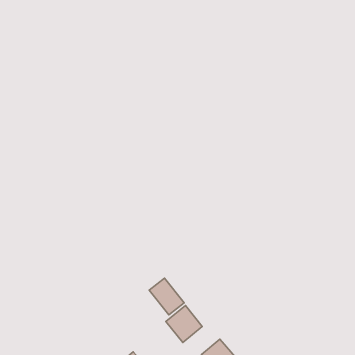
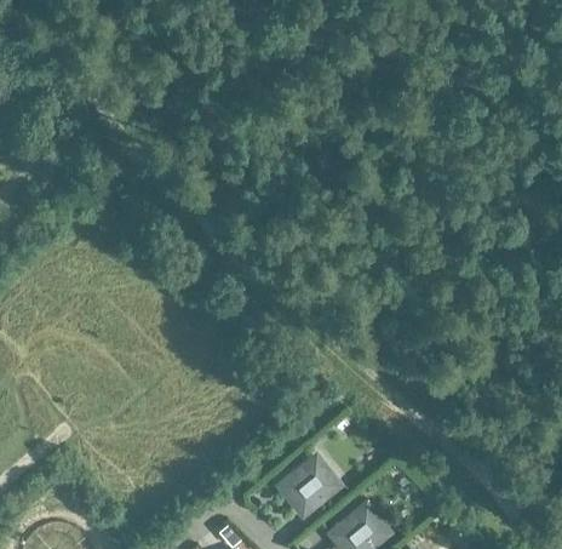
building: [149,278,184,315] -> none

